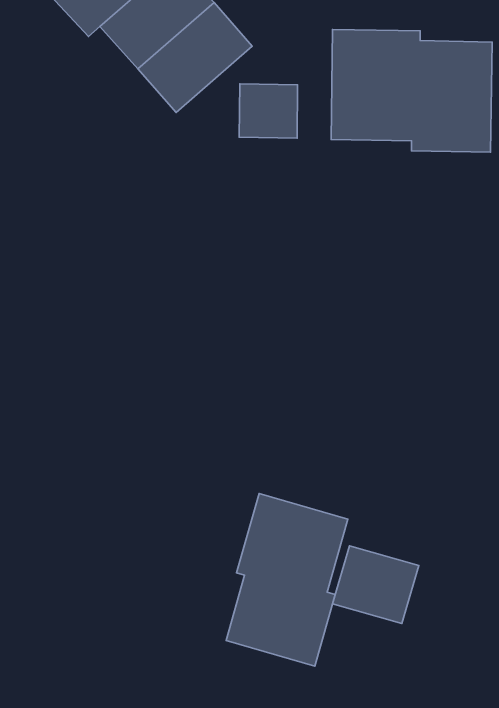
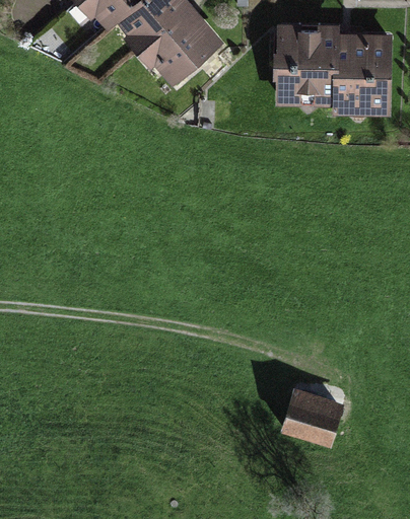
building: [239,84,298,138] -> none
building: [226,494,348,666] -> none

